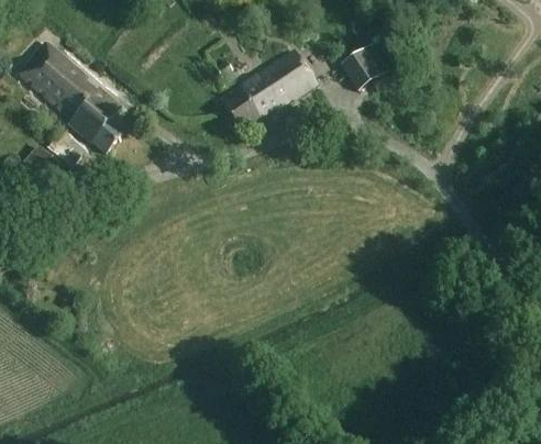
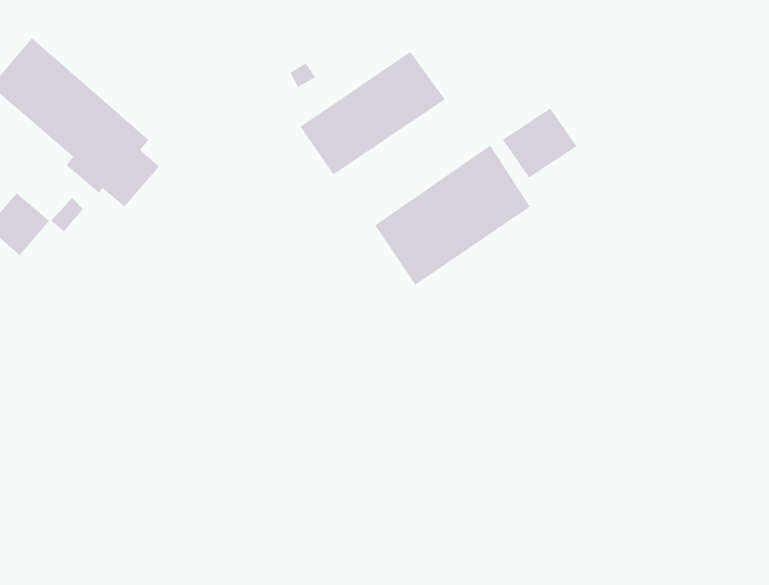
building: [340,41,389,87] -> [502,108,577,178]
building: none -> [374,145,531,286]

